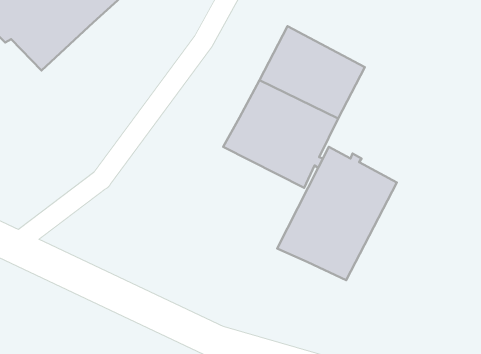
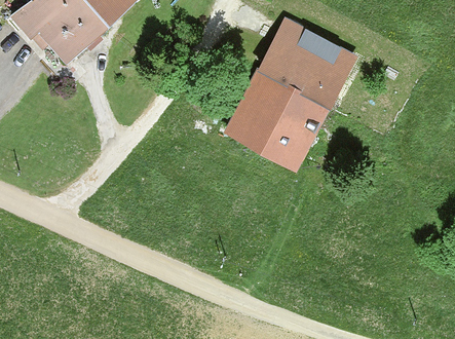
building: [277,147,397,280] -> none

